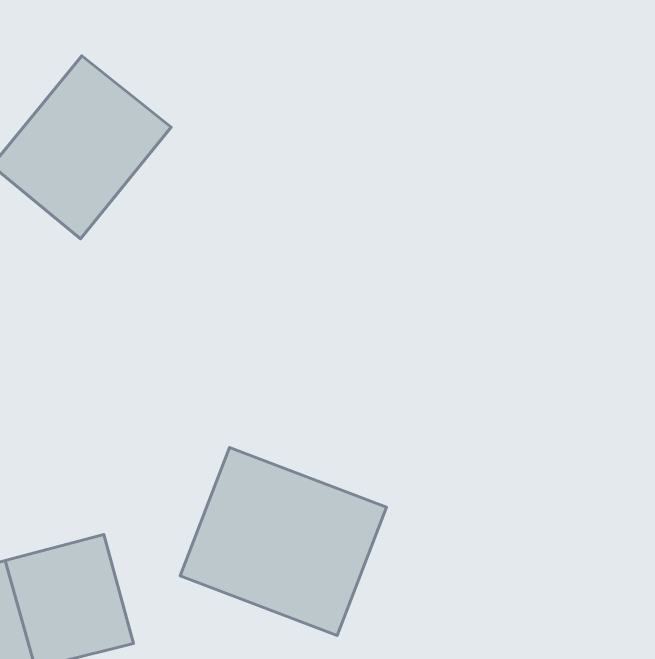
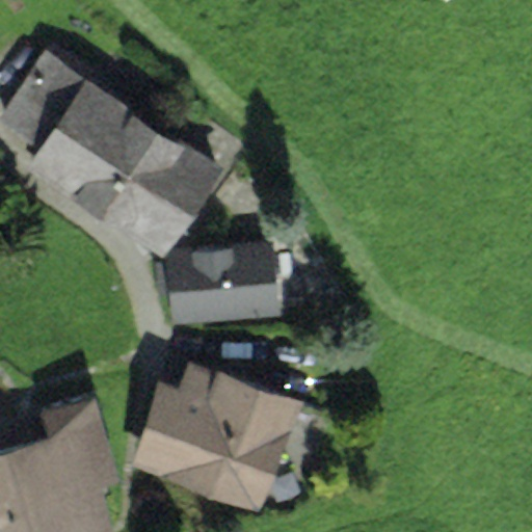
building: none -> [64,105,208,251]
building: none -> [151,243,280,327]

